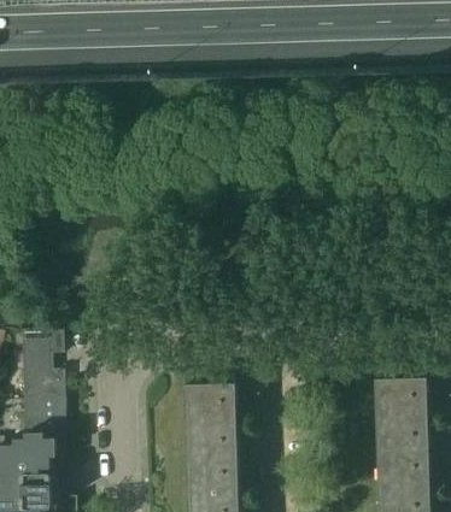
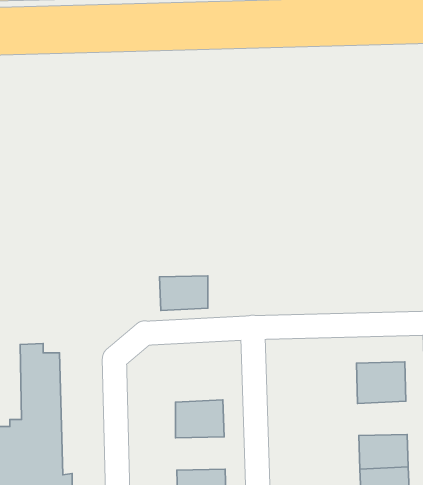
building: [22,330,64,361] -> none
building: [184,386,235,422] -> [160,276,208,310]
building: [376,420,428,457] -> none
building: [186,458,238,493] -> none

